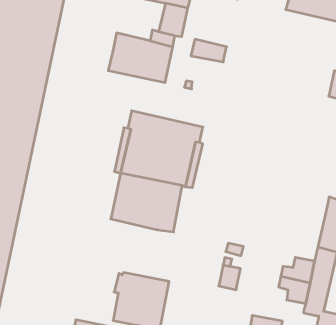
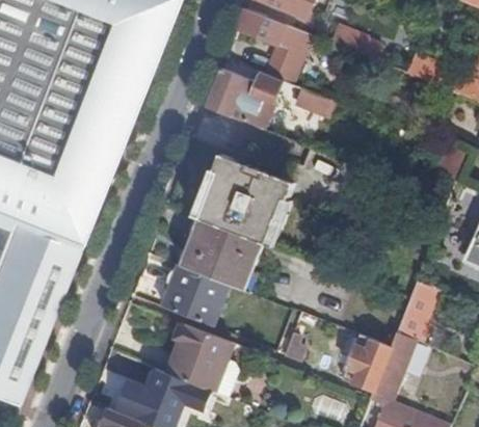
building: none -> [160,264,229,327]

